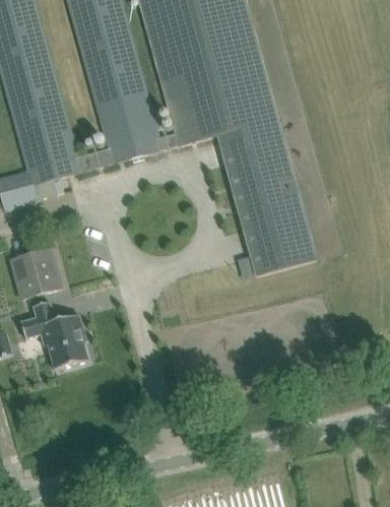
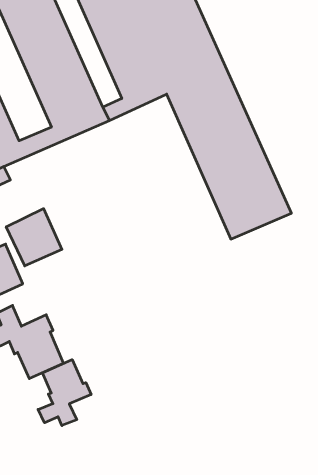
building: none -> [6,209,62,266]
building: none -> [38,360,91,426]

